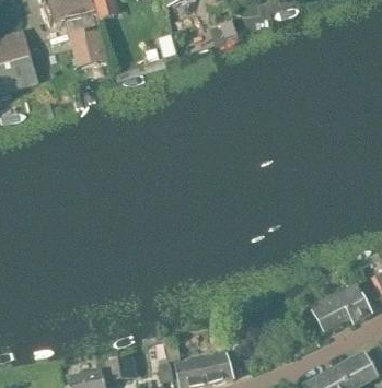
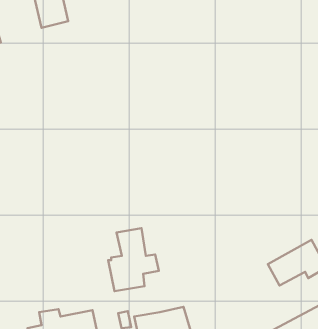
building: none -> [108,228,159,291]

